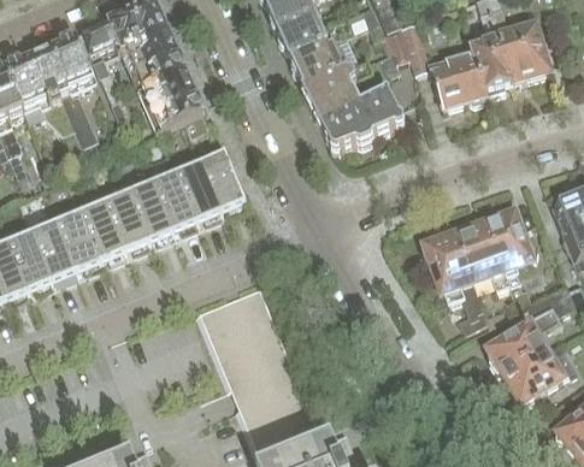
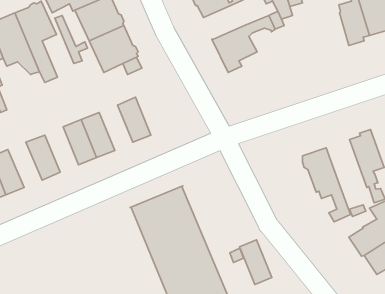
building: [291,37,346,84] -> none
building: [430,49,484,105] -> none
building: [324,89,401,144] -> none
building: [201,152,247,212] -> none
building: [153,172,197,232] -> none
building: [81,201,125,261] -> none
building: [454,218,508,285] -> none
building: [31,221,77,282] -> none
building: none -> [239,240,272,285]

